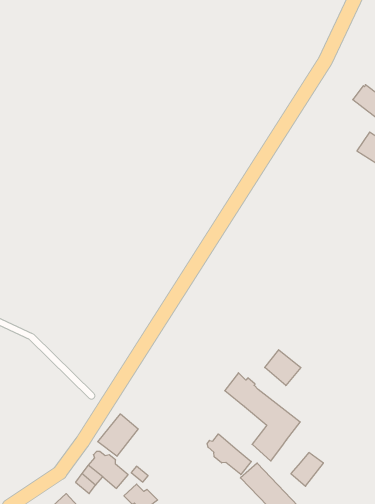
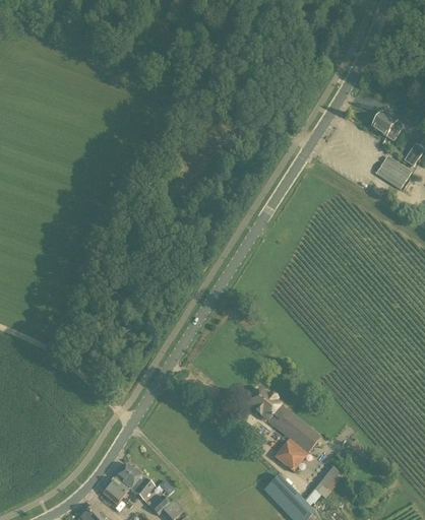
building: [265,350,301,386] -> none
building: [98,414,138,456] -> none
building: [207,434,251,475] -> none

